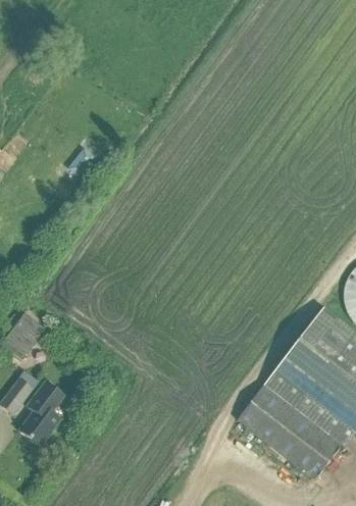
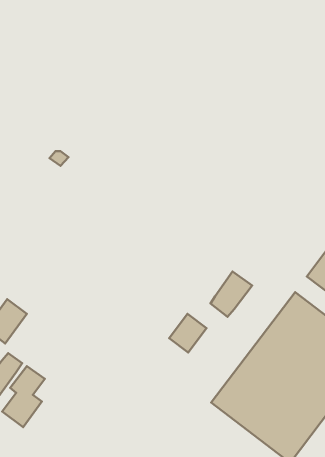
building: none -> [211,272,252,317]
building: none -> [169,314,207,352]

